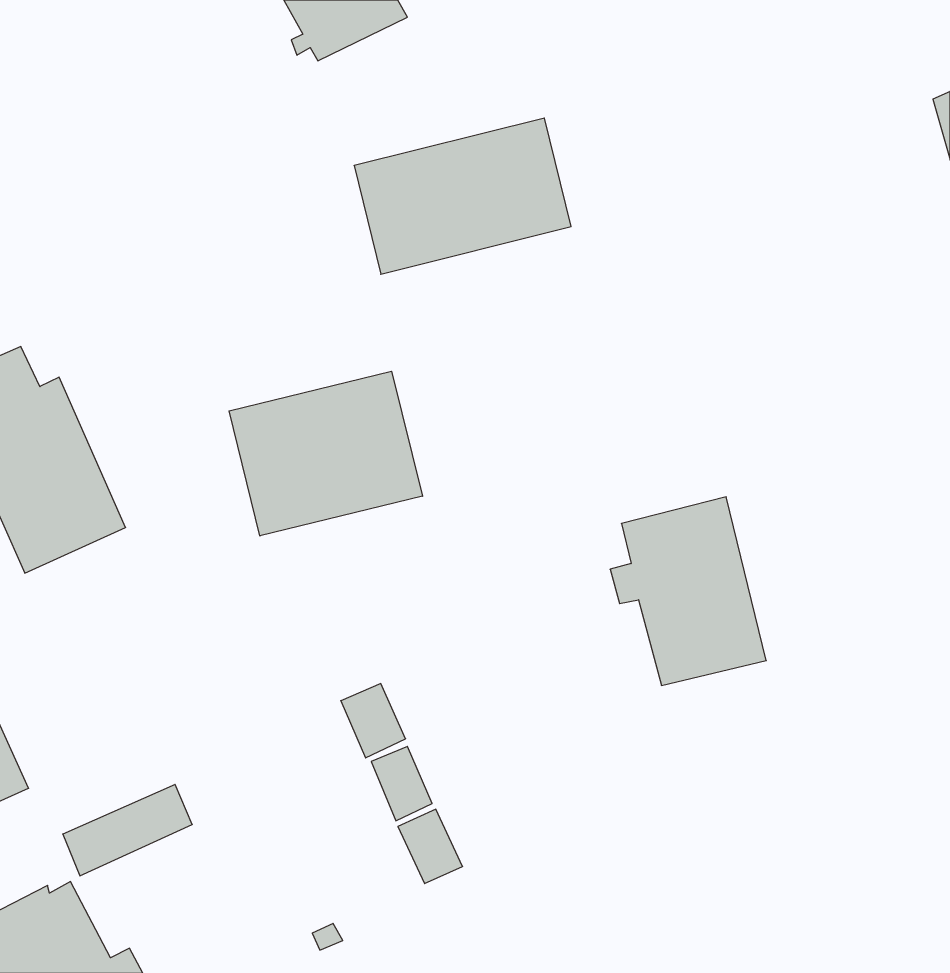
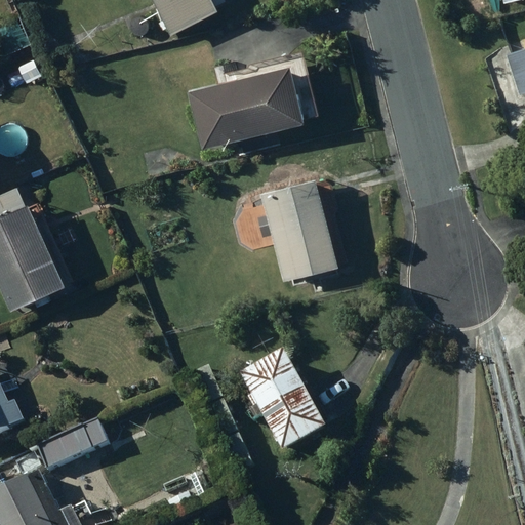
building: [229,371,423,536] -> none
building: [610,497,766,685] -> [255,177,339,279]
building: none -> [239,354,327,455]

